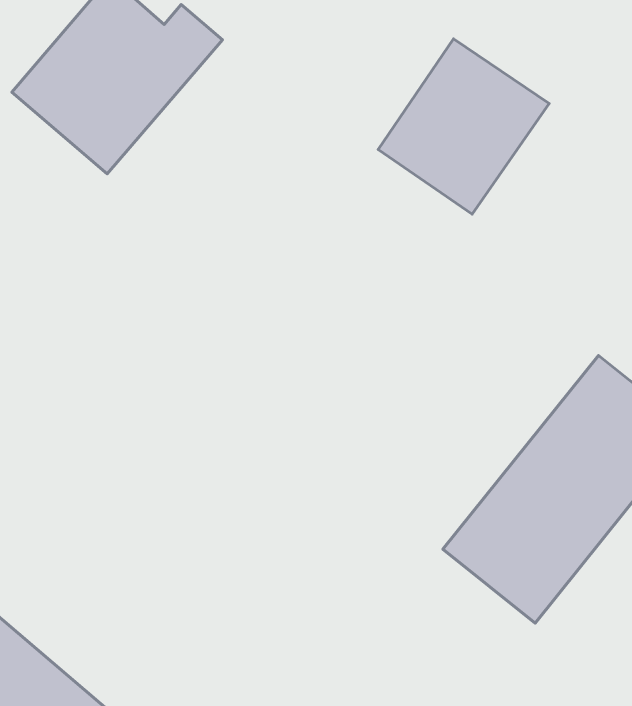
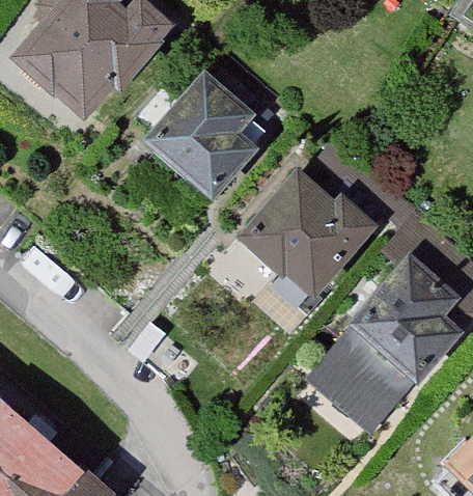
building: [378,39,549,214] -> [151,68,267,187]
building: none -> [253,181,367,295]

